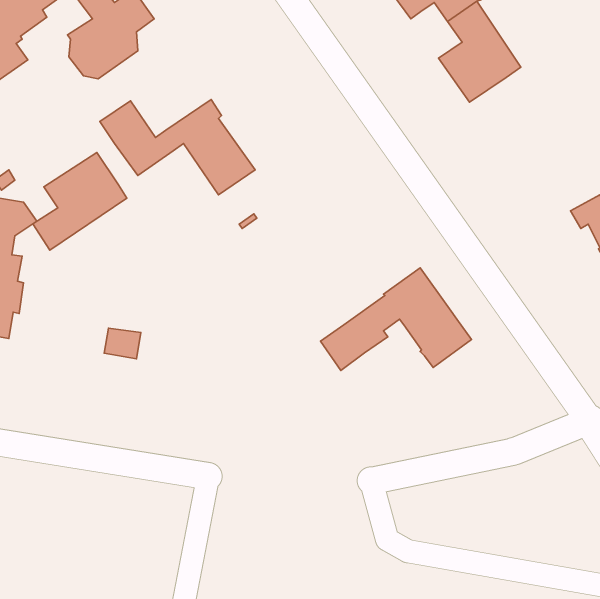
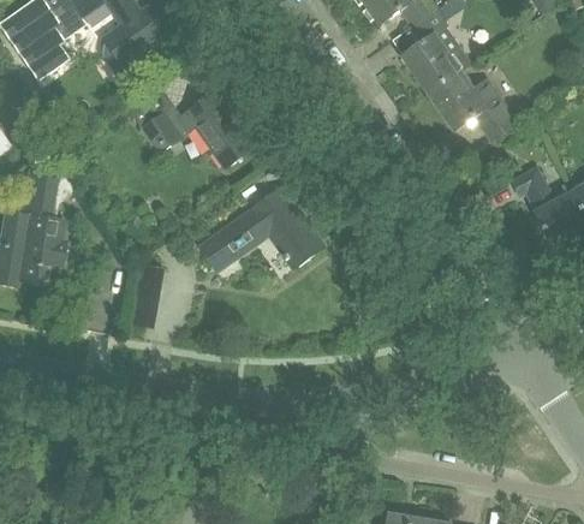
building: none -> [429,72,514,139]
building: [33,152,127,250] -> none
building: [320,268,471,370] -> [199,186,323,270]

